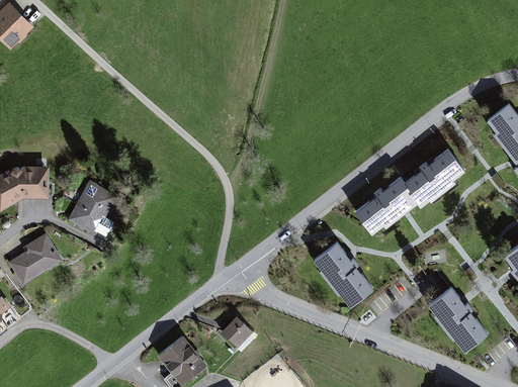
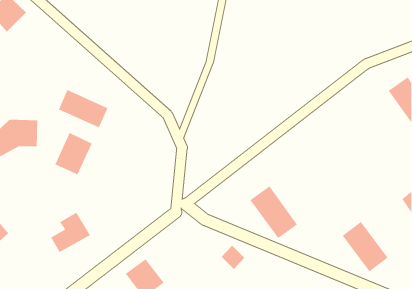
building: none -> [58,89,108,128]
building: [355,152,461,235] -> none
building: [13,228,64,280] -> [50,212,91,253]
building: [224,314,254,346] -> [221,245,245,270]

